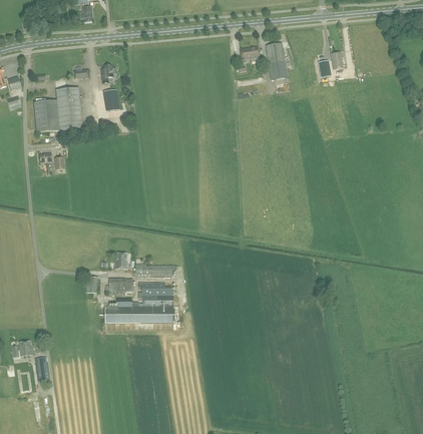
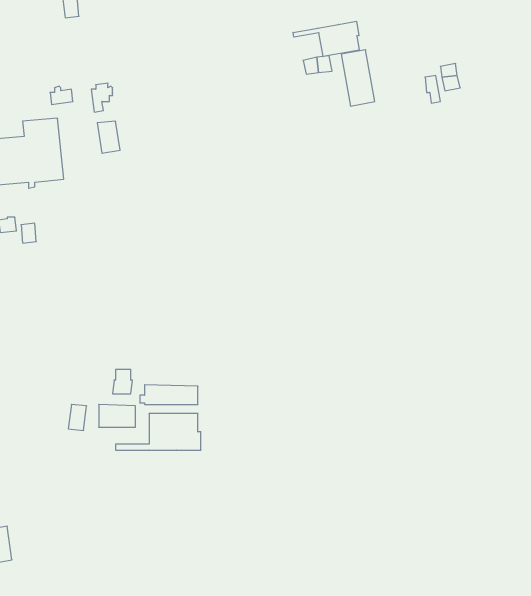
building: none -> [293,21,359,57]
building: [104,306,177,323] -> none

